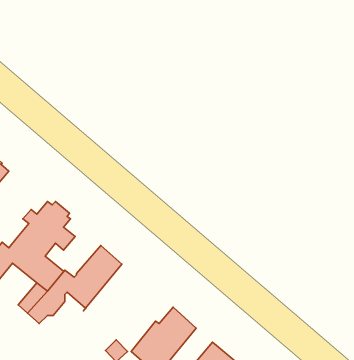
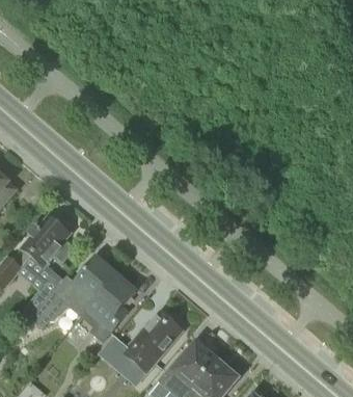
building: none -> [80,273,136,343]

